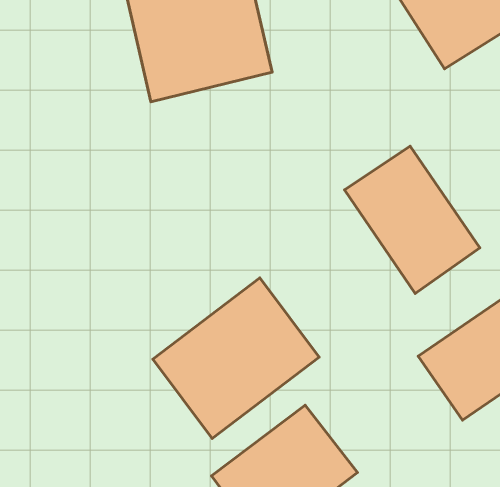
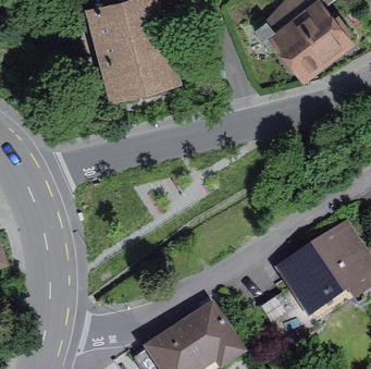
building: [344,146,480,293] -> none
building: [153,278,319,438] -> none

